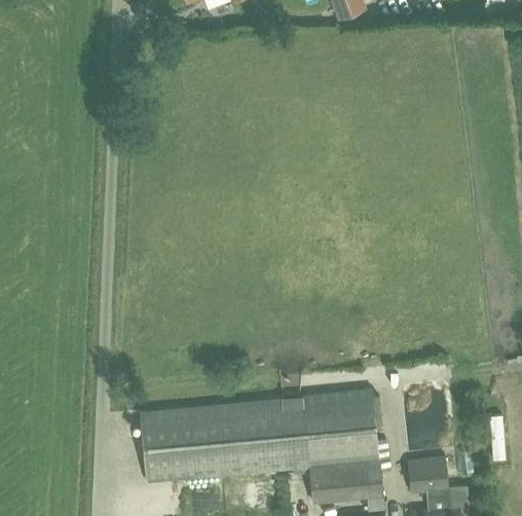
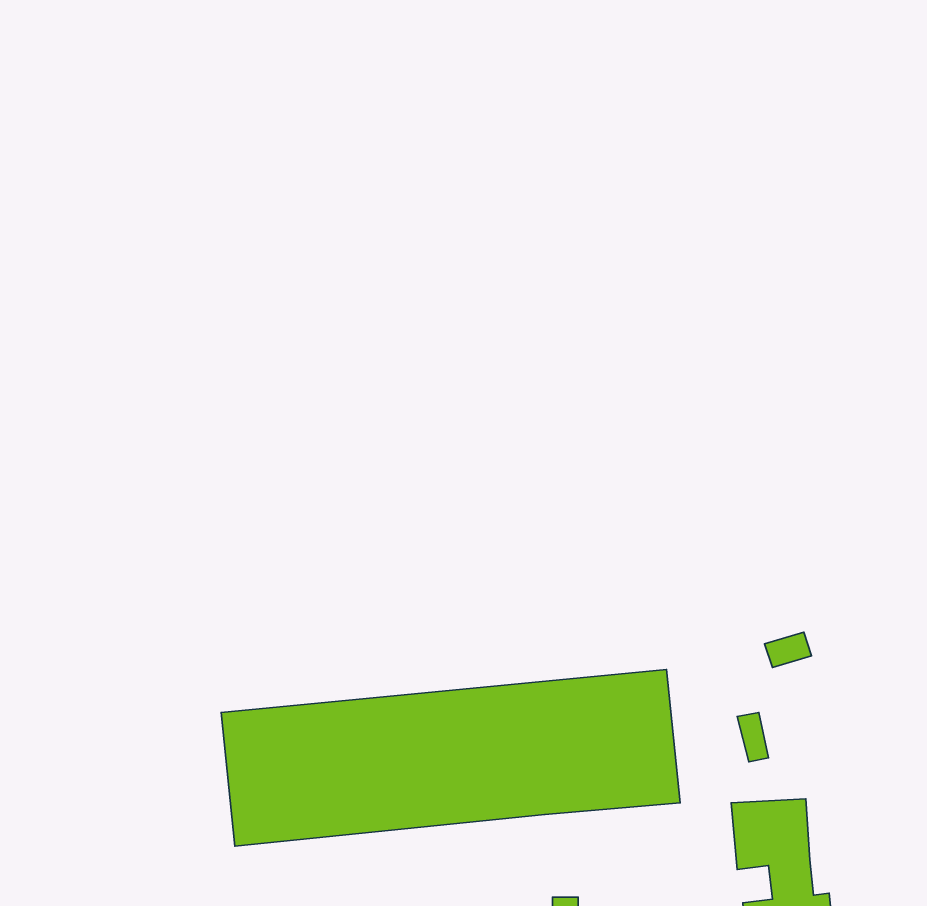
building: [309,459,385,509] -> none

